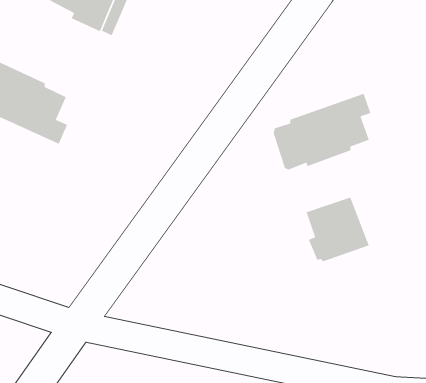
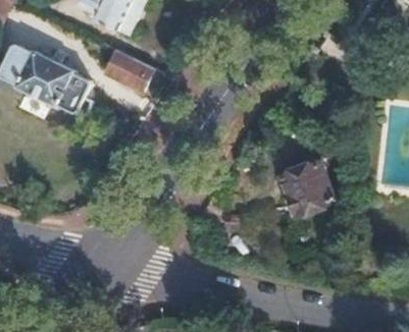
building: none -> [105,51,152,91]
building: [273,93,371,171] -> none

